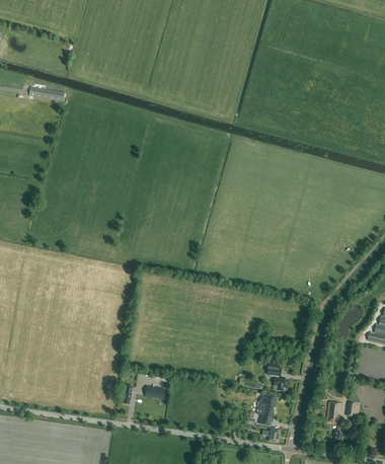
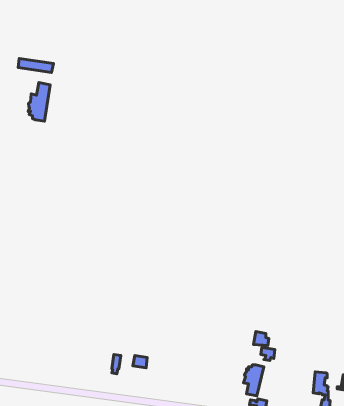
building: none -> [28,83,50,121]

